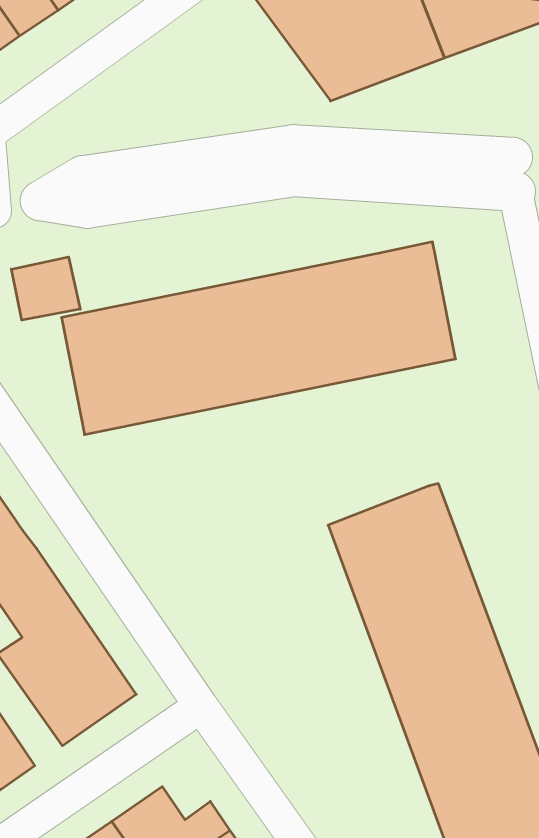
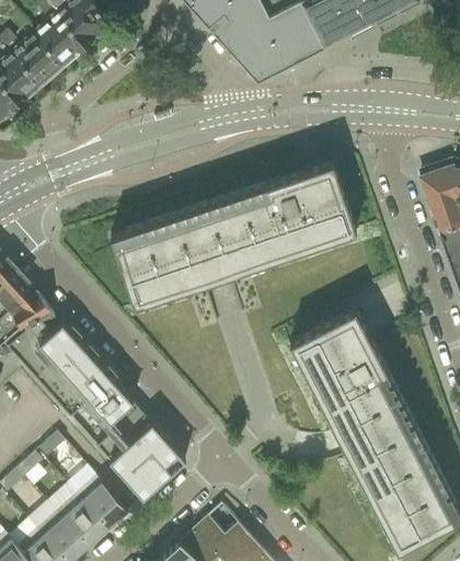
building: [11,257,80,320] -> none

